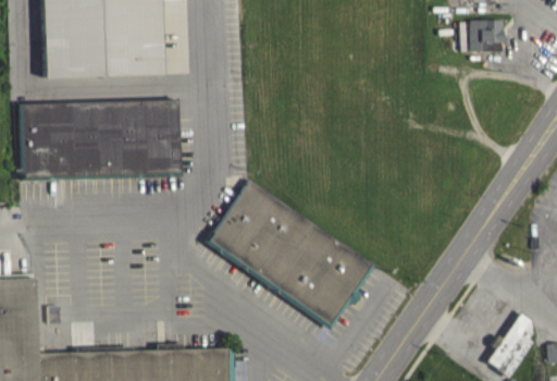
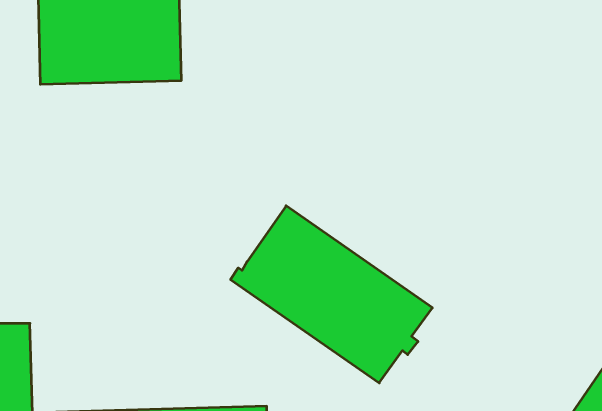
building: [470,19,502,49] -> none
building: [21,99,180,181] -> none

